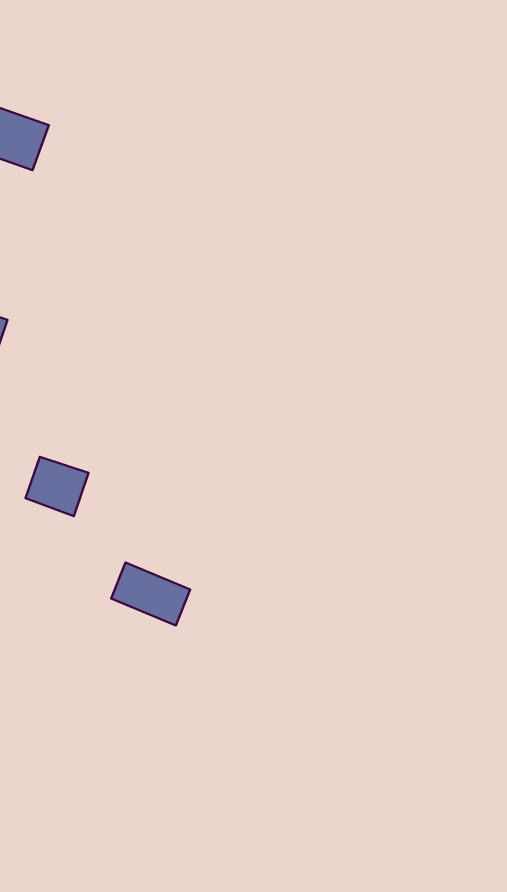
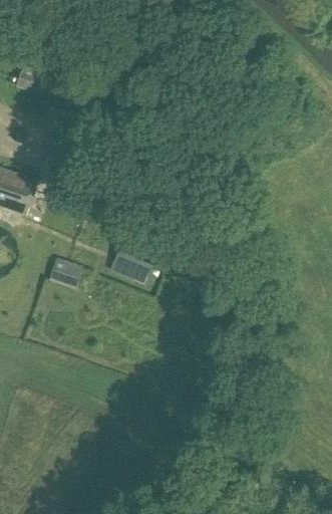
building: [111,563,190,626] -> [110,250,154,285]

